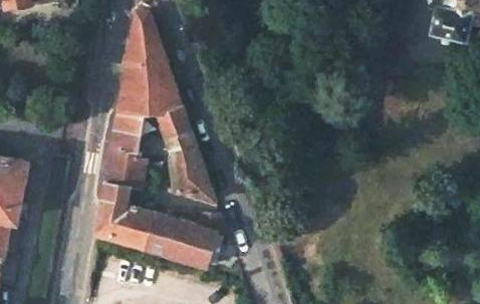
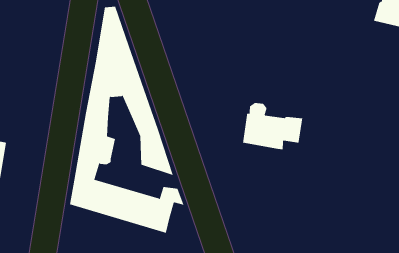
building: none -> [242,102,303,150]

